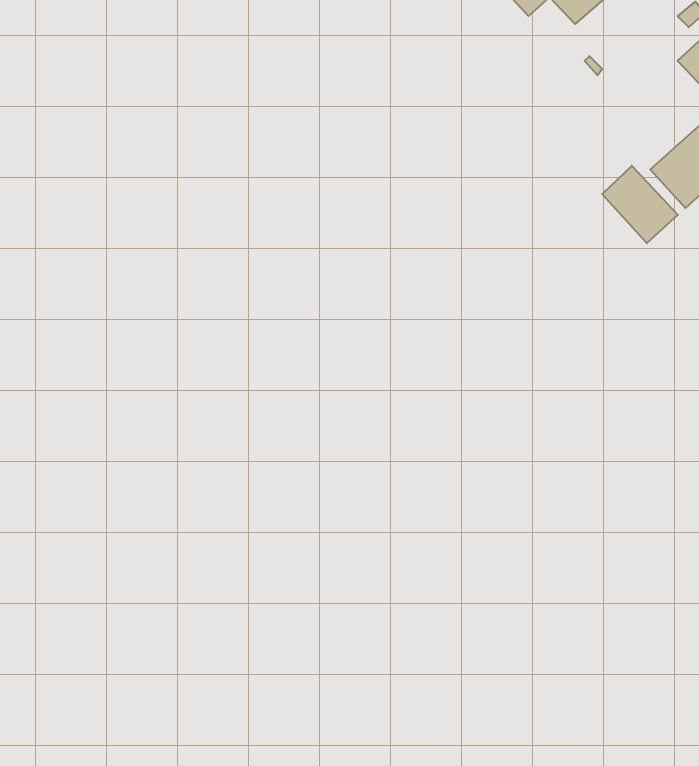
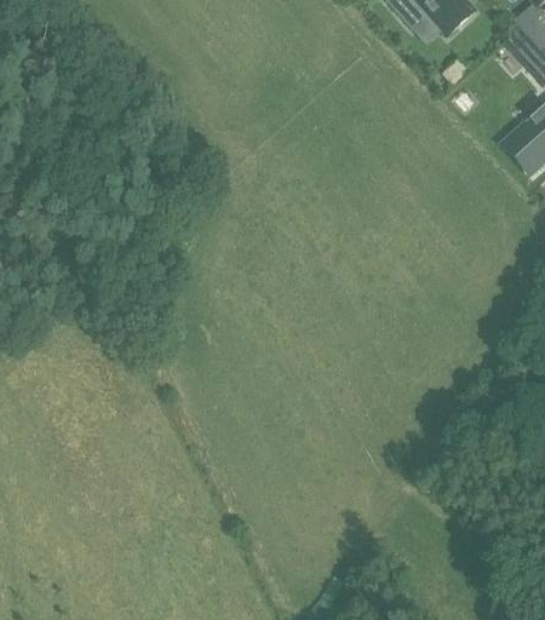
building: [602,166,678,243] -> none

